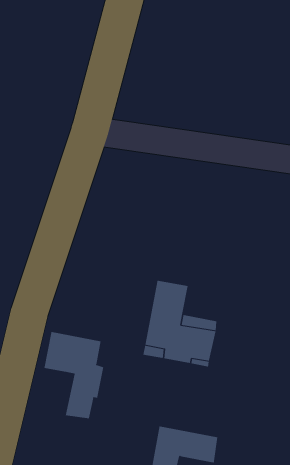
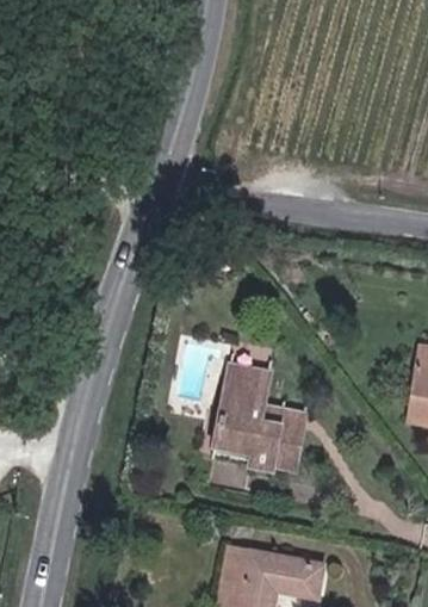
building: [44,331,104,419] -> none

